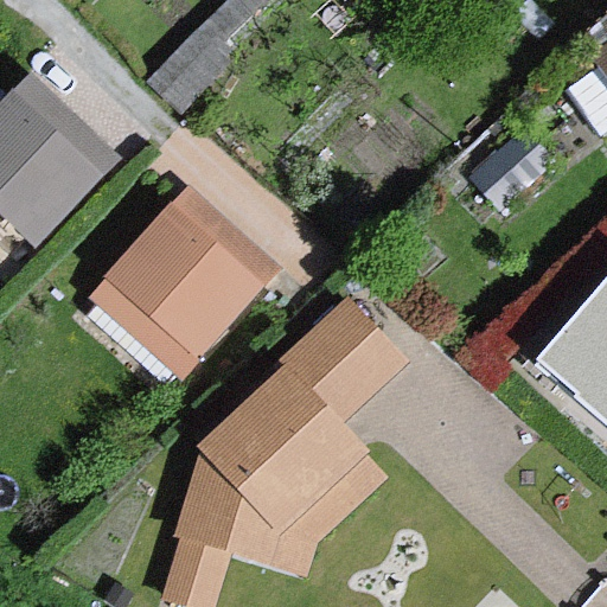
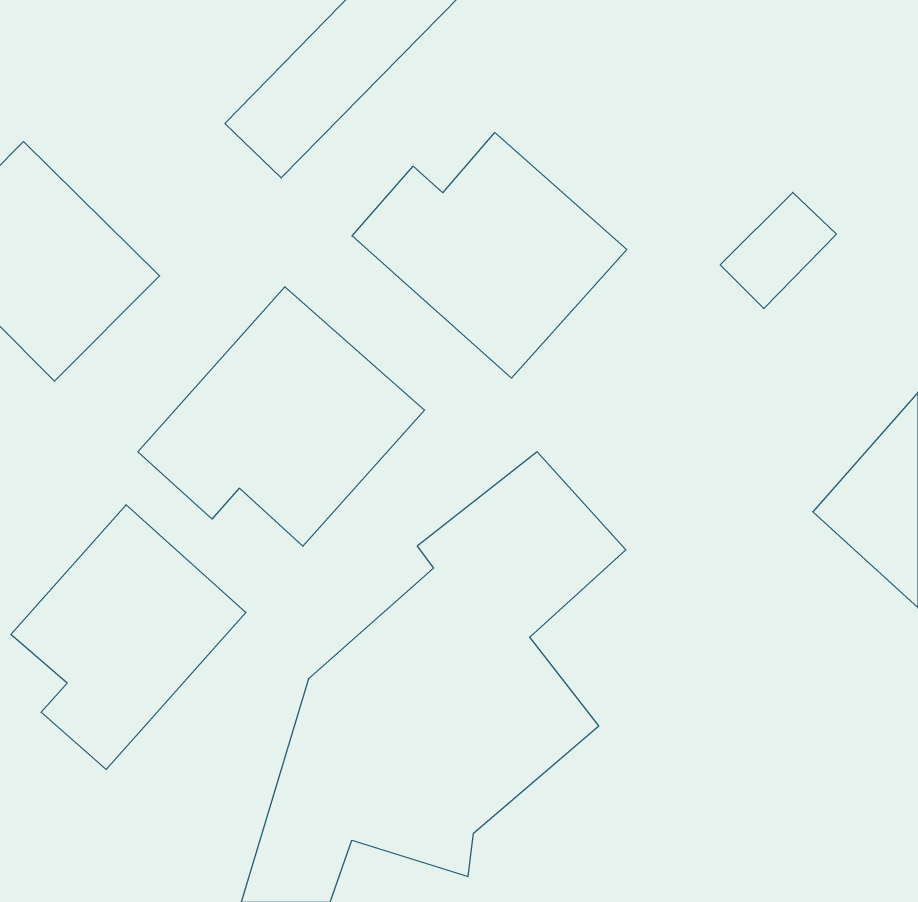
building: none -> [352,133,627,378]
building: none -> [11,505,246,769]

